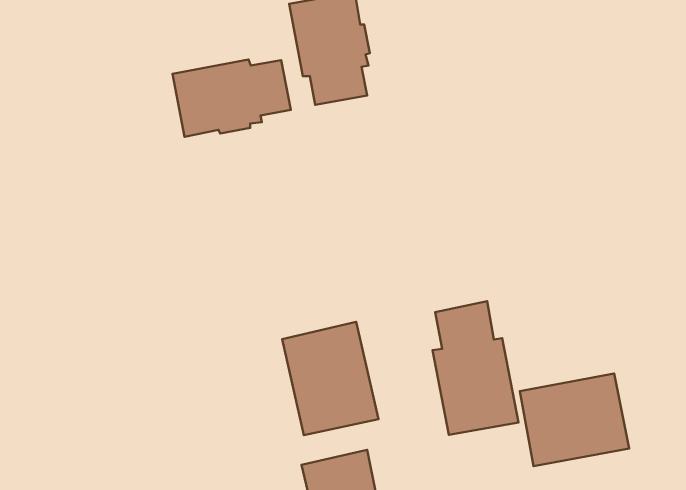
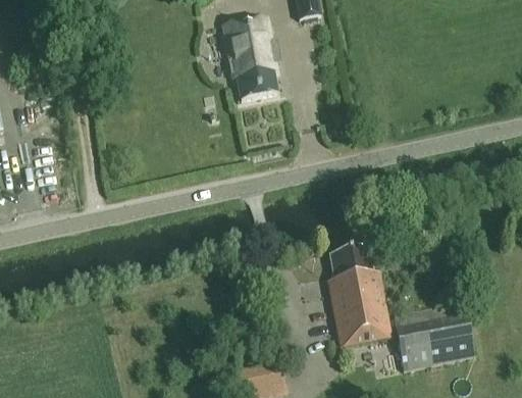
building: [172,60,291,137] -> none
building: [282,322,378,435] -> none

